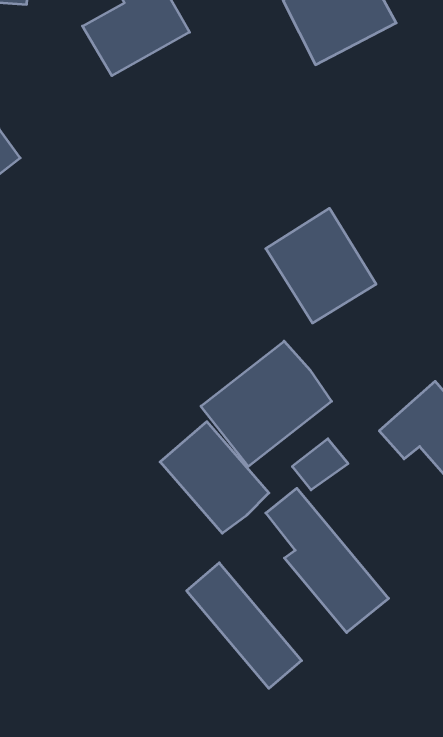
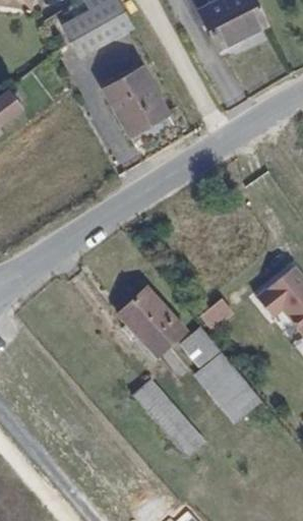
building: [266,208,376,323] -> [100,63,172,138]
building: [201,341,332,466] -> none

